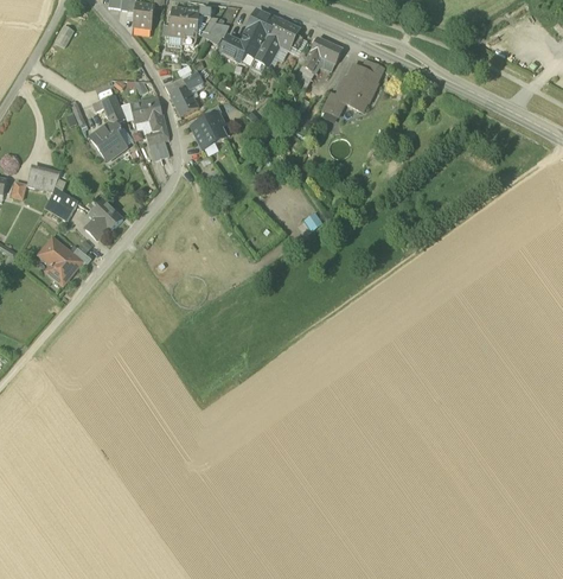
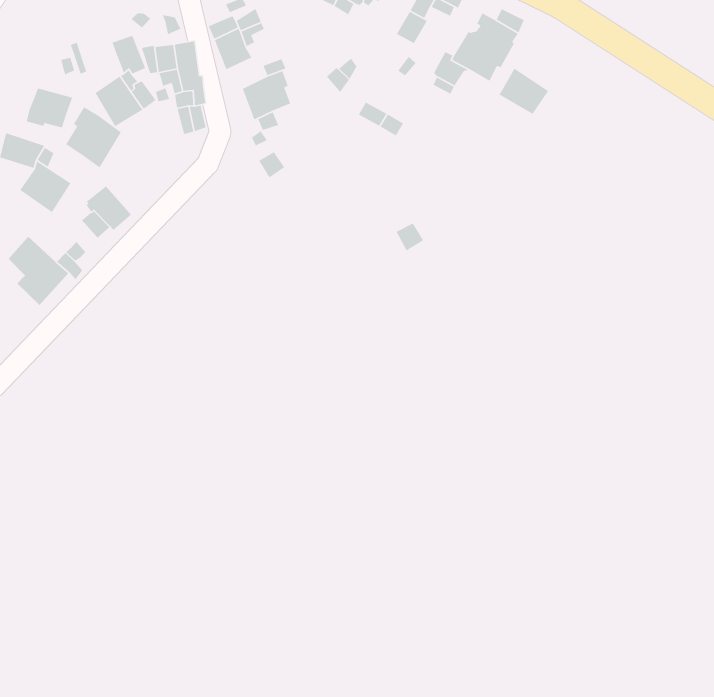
building: none -> [498,68,549,115]
building: none -> [26,88,73,129]
building: none -> [65,106,122,168]

